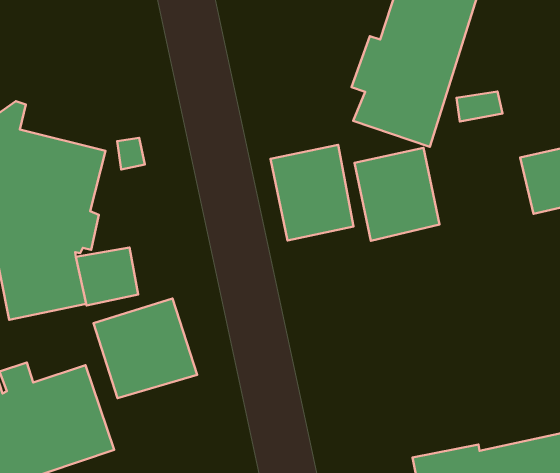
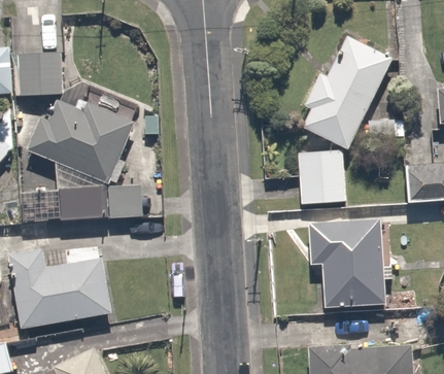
building: [271,145,354,240] -> none
building: none -> [305,218,392,307]
building: [94,298,197,398] -> none

